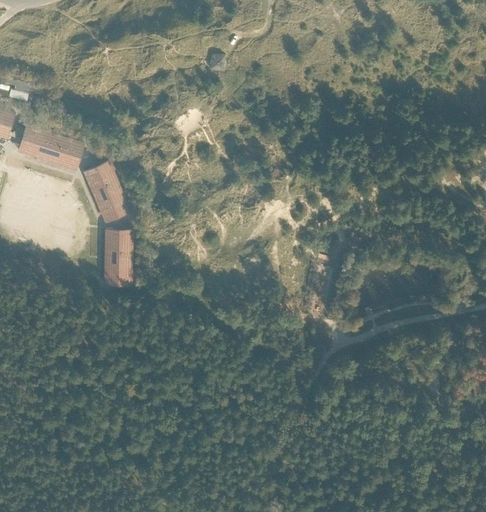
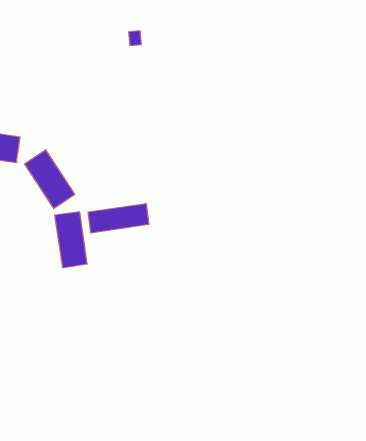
building: none -> [88,203,149,233]

